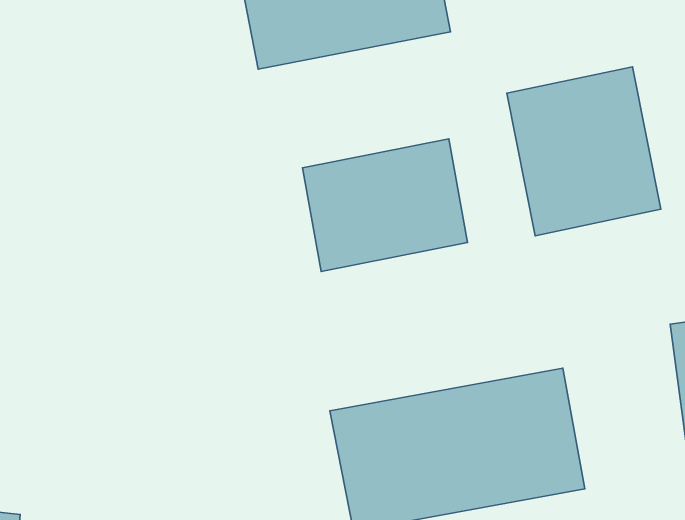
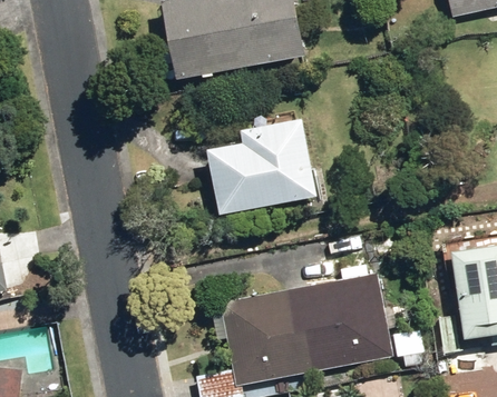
building: [507,67,661,236] -> none

